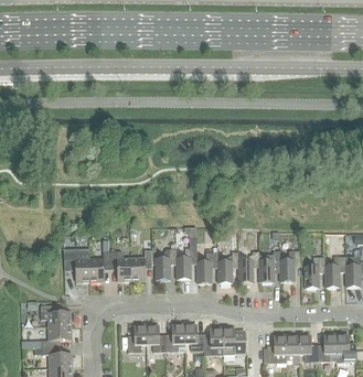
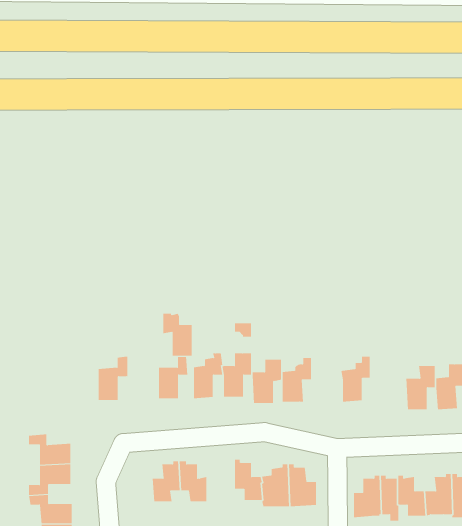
building: [64,248,89,281] -> none
building: [110,250,131,280] -> [162,313,193,356]
building: [279,250,300,281] -> none
building: [238,251,259,282] -> none
building: [166,322,185,352] -> none

